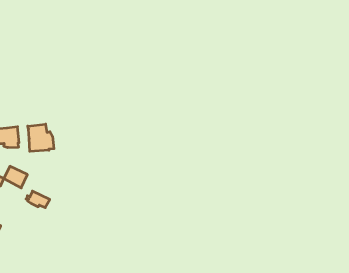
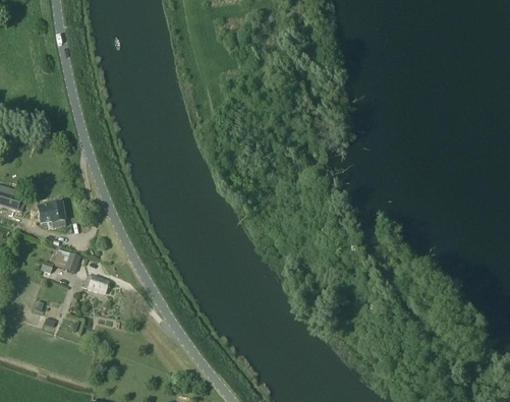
building: [28,124,54,151] -> none

